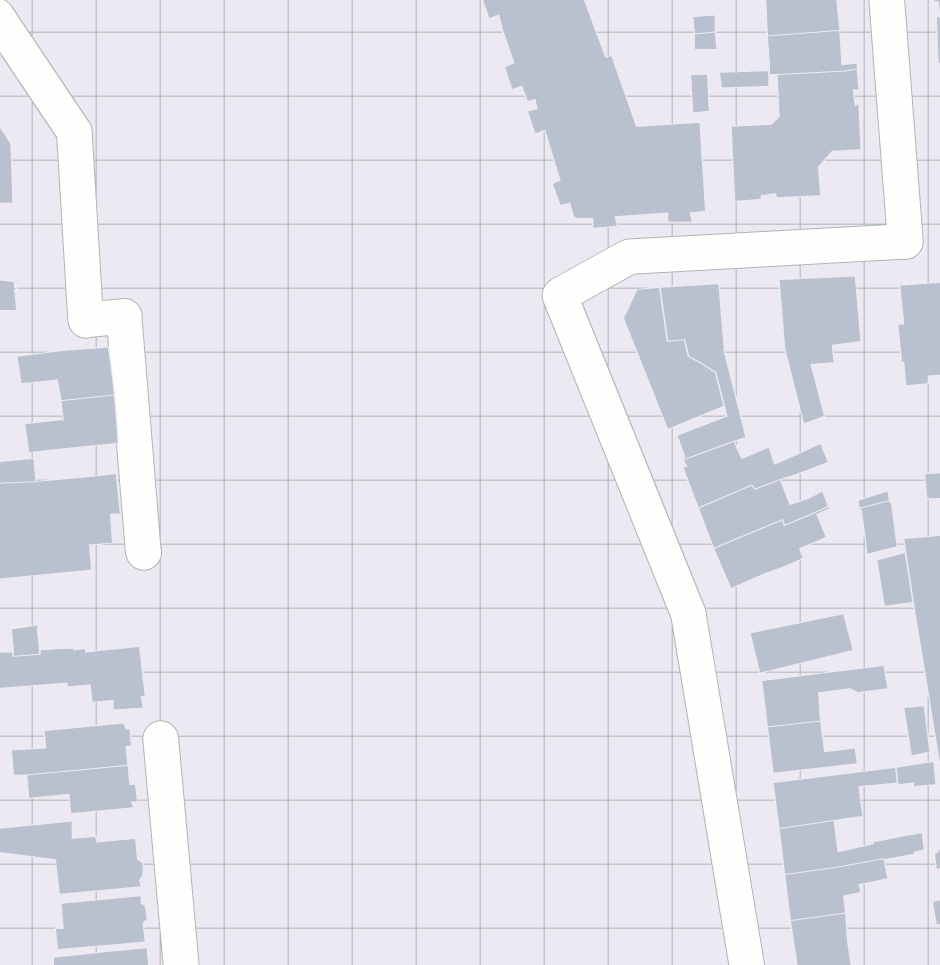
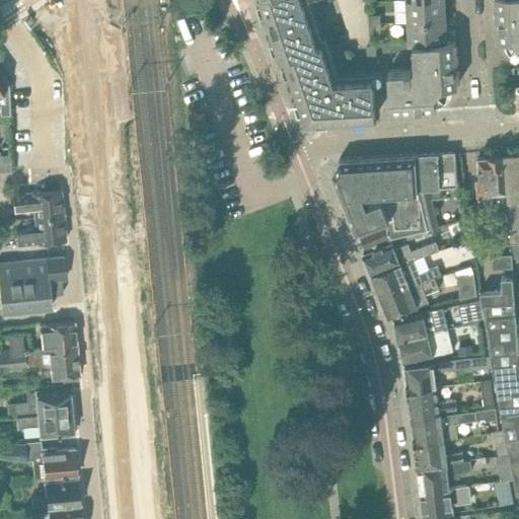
building: none -> [382,156,427,242]
building: none -> [393,309,448,343]
building: none -> [39,323,76,353]

